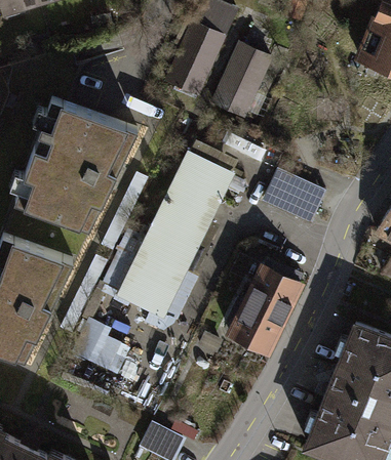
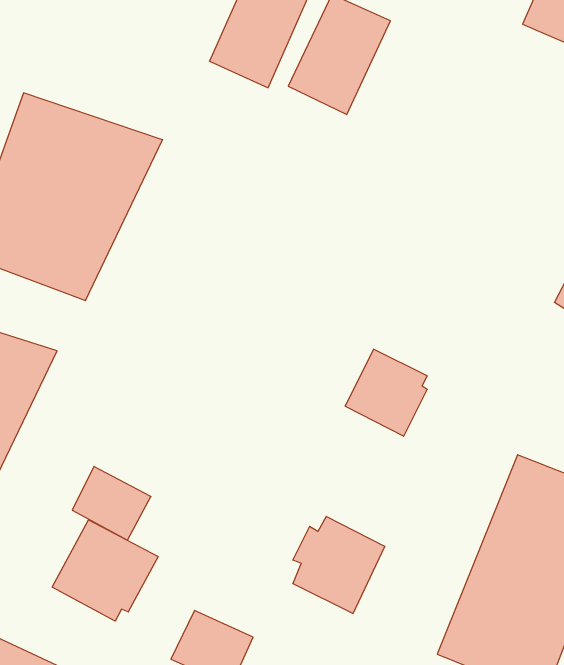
building: [115,151,236,318] -> none
building: [263,171,325,227] -> none
building: [229,296,285,356] -> [293,516,385,614]
building: none -> [52,520,158,621]

